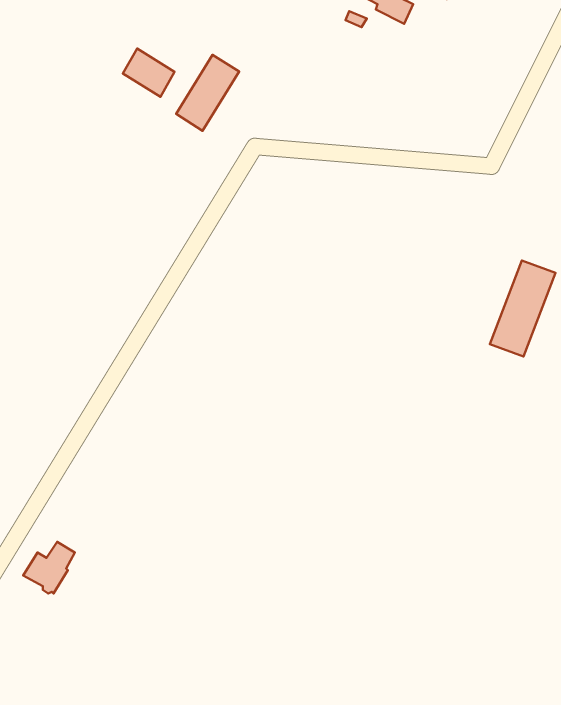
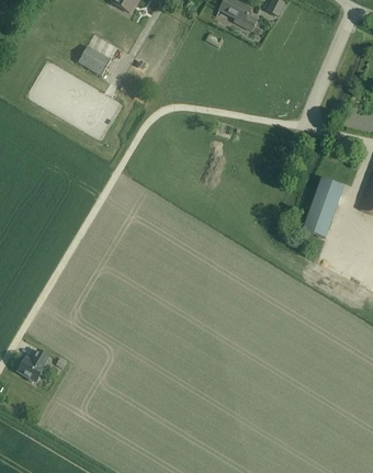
building: [176,55,239,131] -> none

